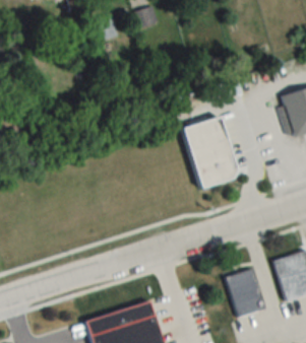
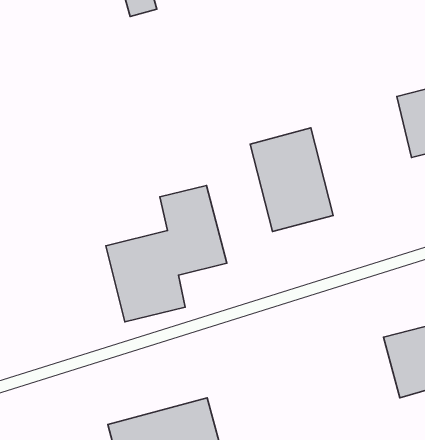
building: none -> [106,186,227,322]
building: [224,267,264,317] -> none

